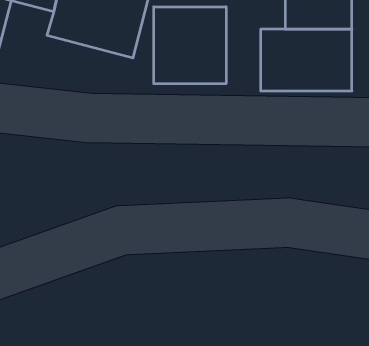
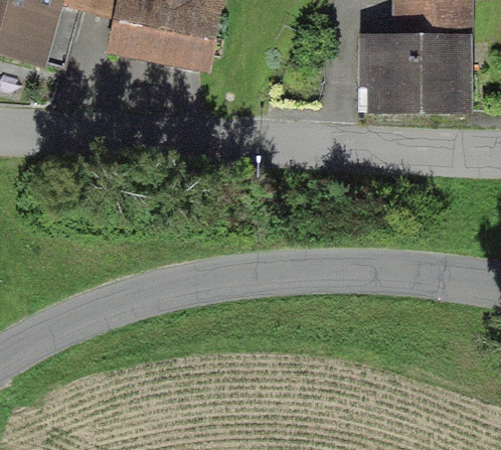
building: [154,7,226,84] -> none

